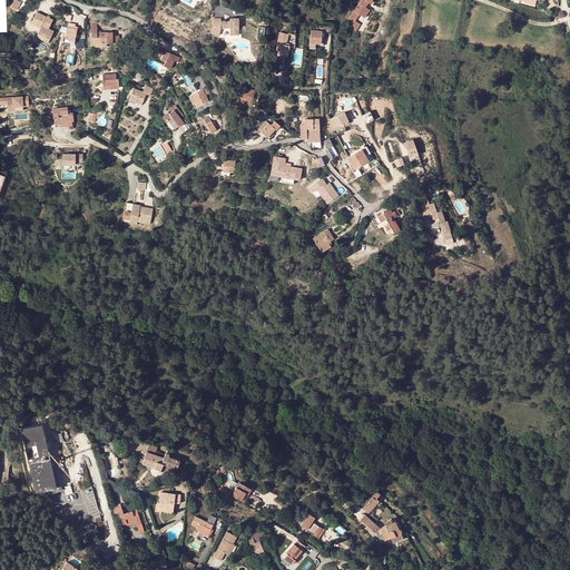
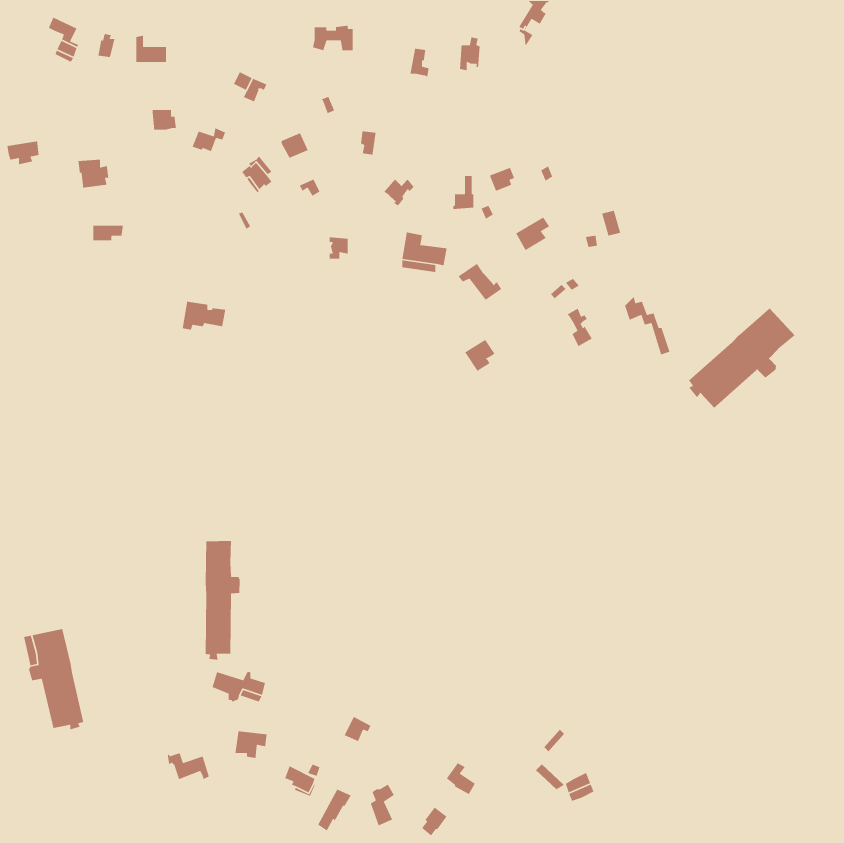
building: none -> [688,308,795,408]
building: none -> [205,540,241,660]

